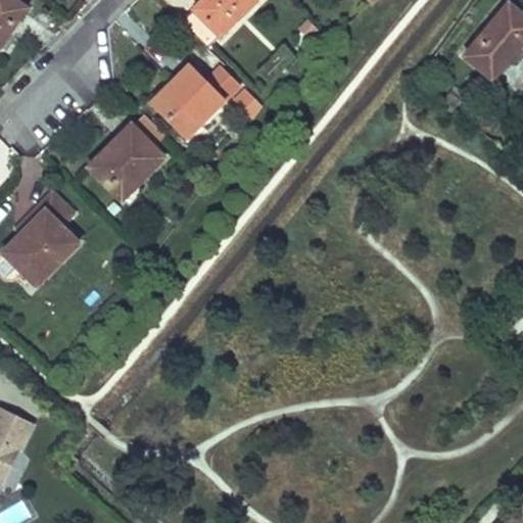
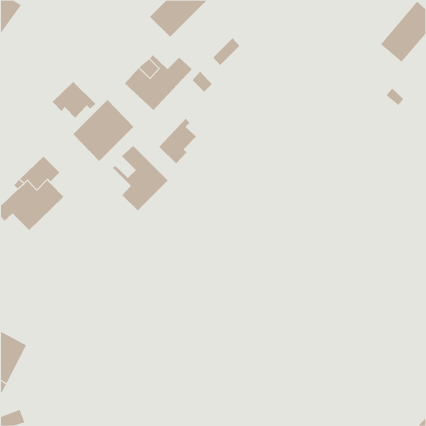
building: none -> [52,81,96,118]
building: none -> [159,118,197,164]
building: none -> [112,145,169,211]

